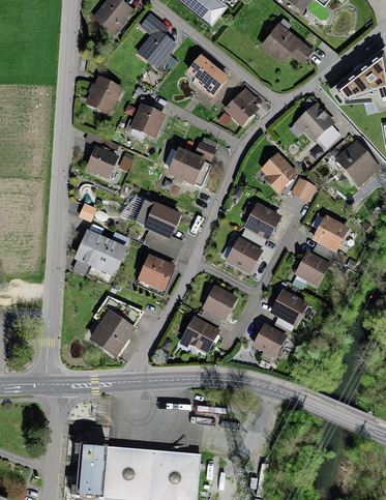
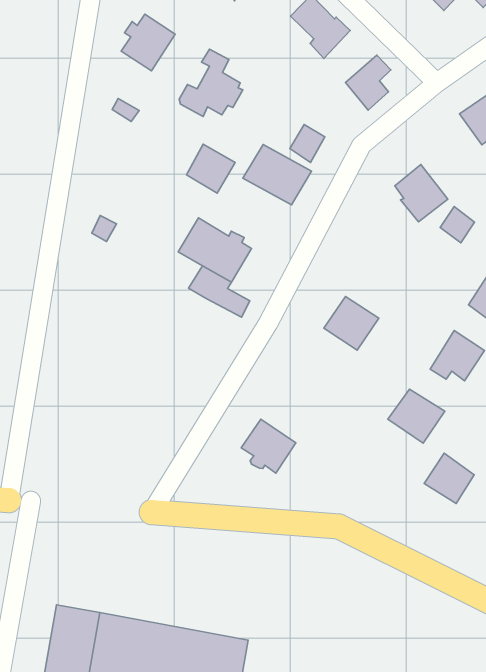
building: [87,148,116,177] -> [187,144,235,193]
building: [245,206,278,237] -> none
building: [72,233,128,283] -> none
building: [140,248,176,289] -> none
building: [204,288,234,318] -> none
building: [91,296,142,354] -> none
building: [254,325,284,355] -> [424,453,474,504]

